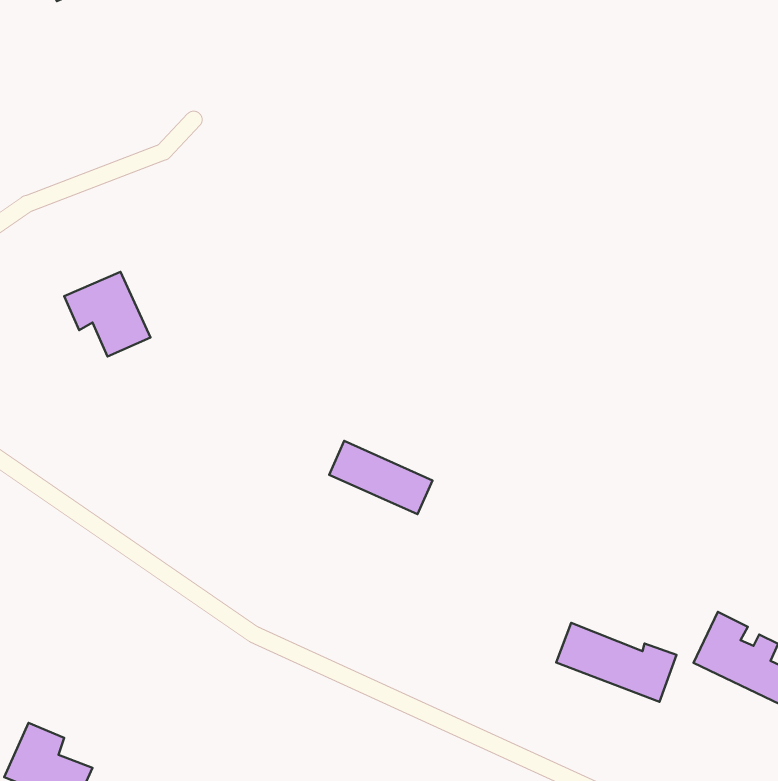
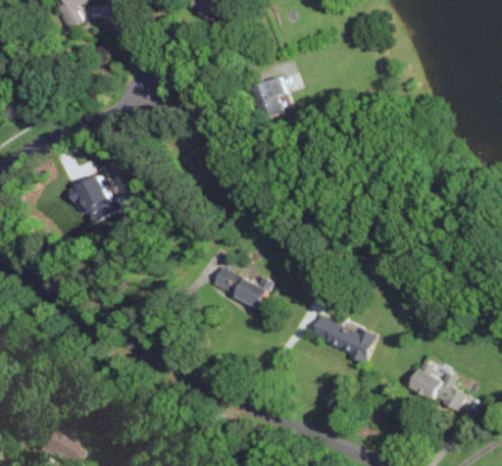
building: none -> [258,80,284,109]
building: [556,623,676,702] -> [310,316,375,359]

